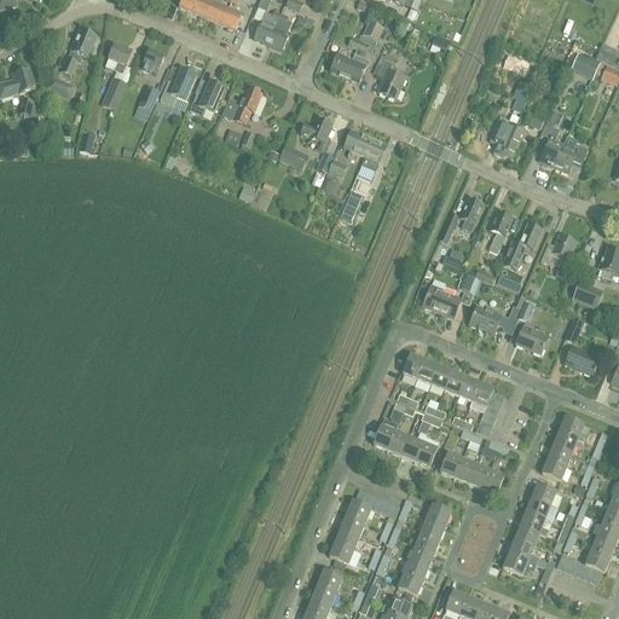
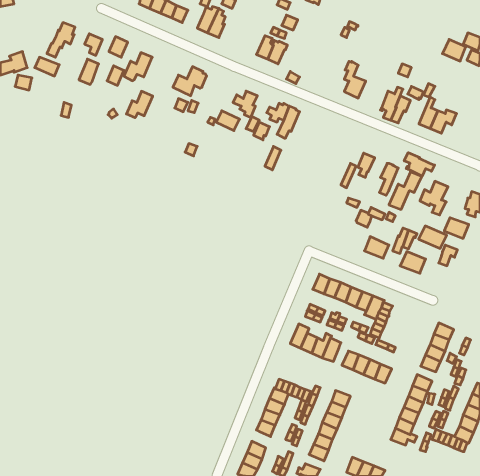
building: [377,51,405,98] -> [344,61,366,98]
building: [190,80,224,114] -> [126,91,153,118]
building: none -> [404,153,435,176]
building: [423,284,461,317] -> none
building: [565,345,601,374] -> [419,226,447,248]

